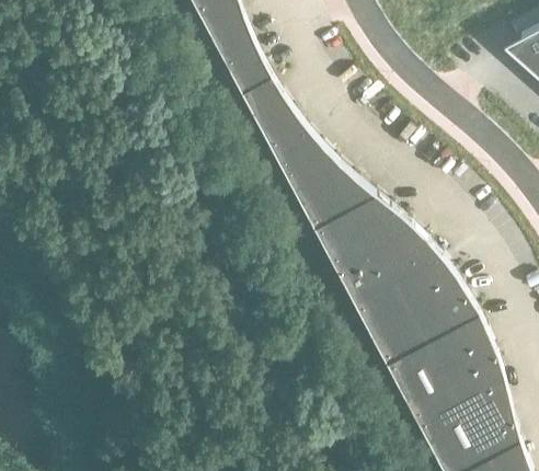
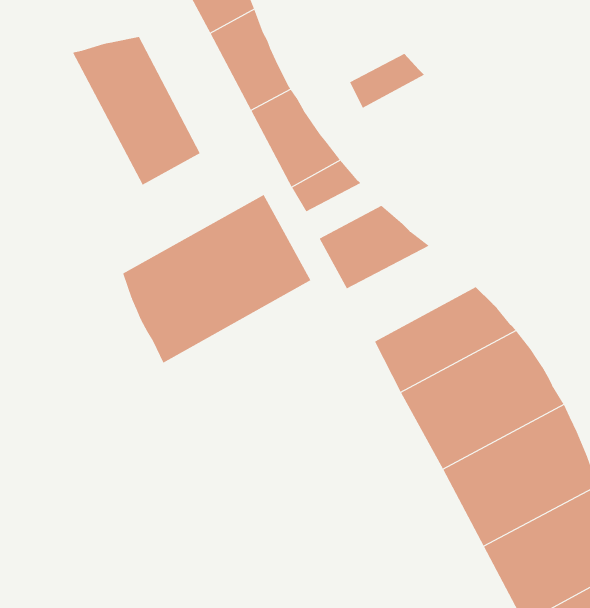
building: none -> [72,36,201,185]
building: [284,149,341,191] -> [349,53,425,108]
building: none -> [123,194,311,364]
building: [314,196,412,268] -> none

